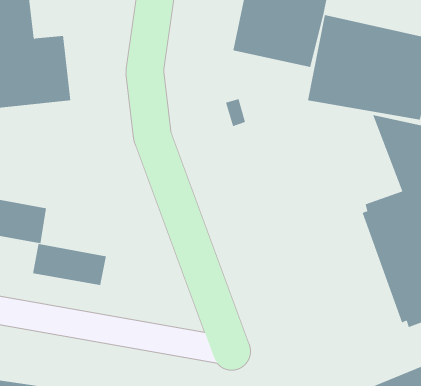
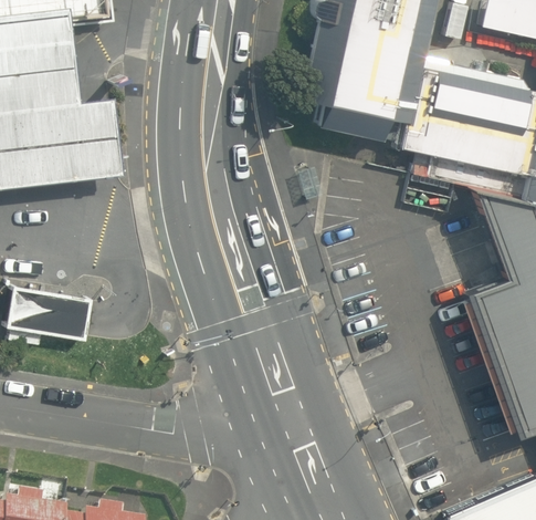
building: [33,243,107,286] -> none

